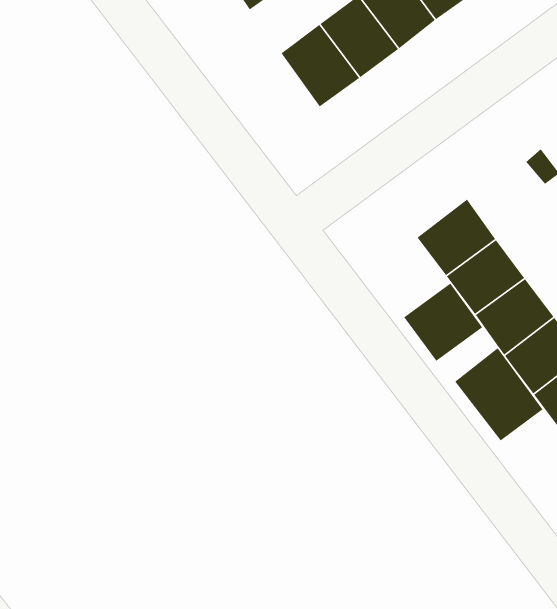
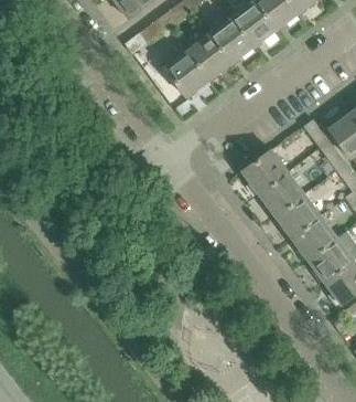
building: [403,283,483,362] -> none
building: [454,347,543,442] -> none

